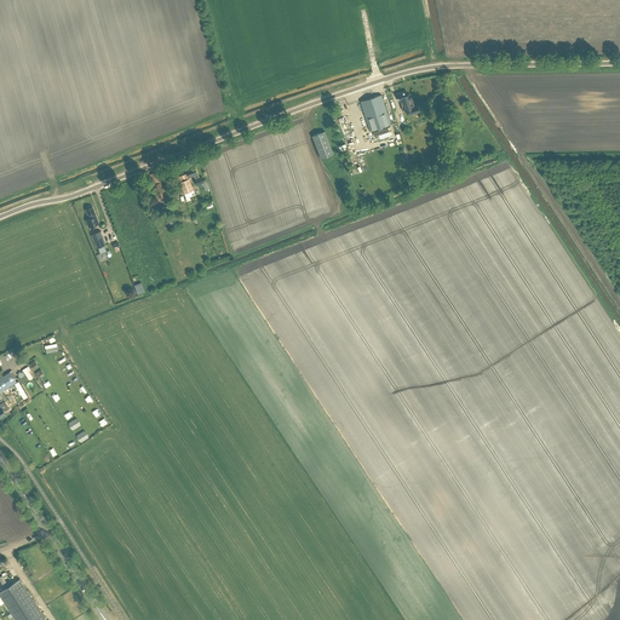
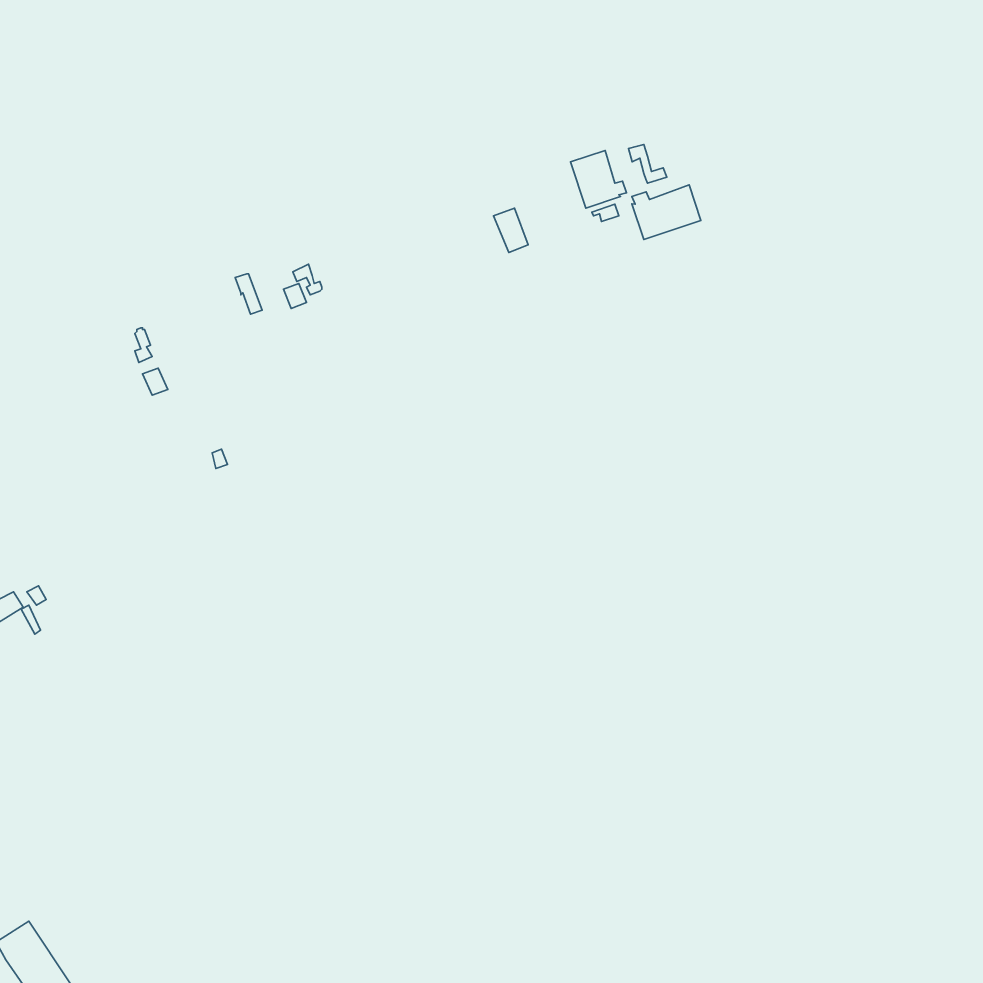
building: none -> [632,185,701,240]

